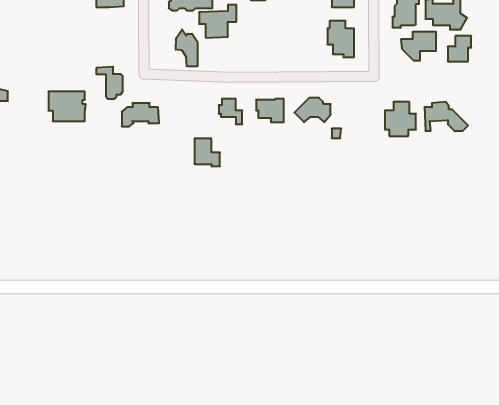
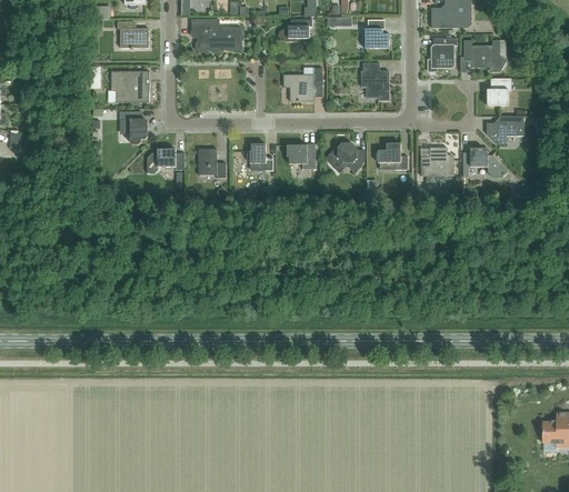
building: [199,5,236,38] -> [282,67,321,101]
building: [176,29,197,66] -> none
building: [401,32,436,61] -> [486,116,522,145]
building: [48,91,86,121] -> [110,70,149,101]
building: none -> [377,142,407,169]
building: [194,139,220,166] -> [198,148,224,177]

